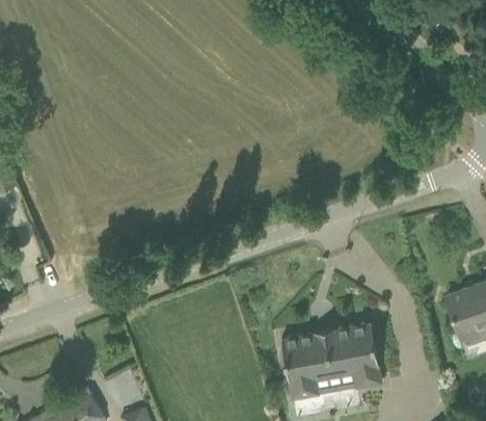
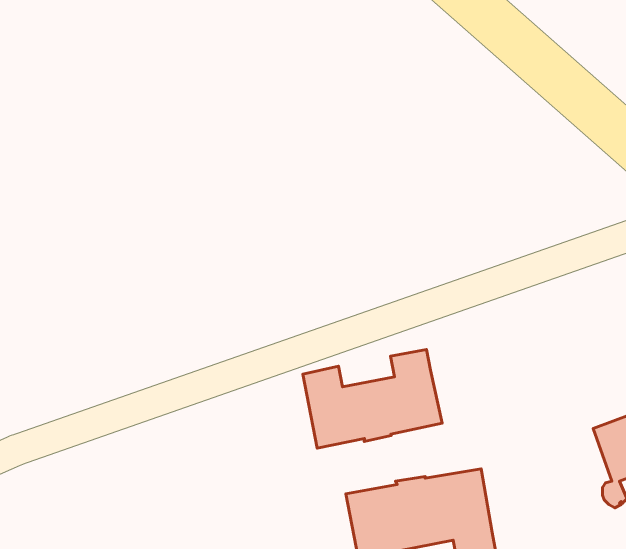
building: none -> [303,349,442,448]

